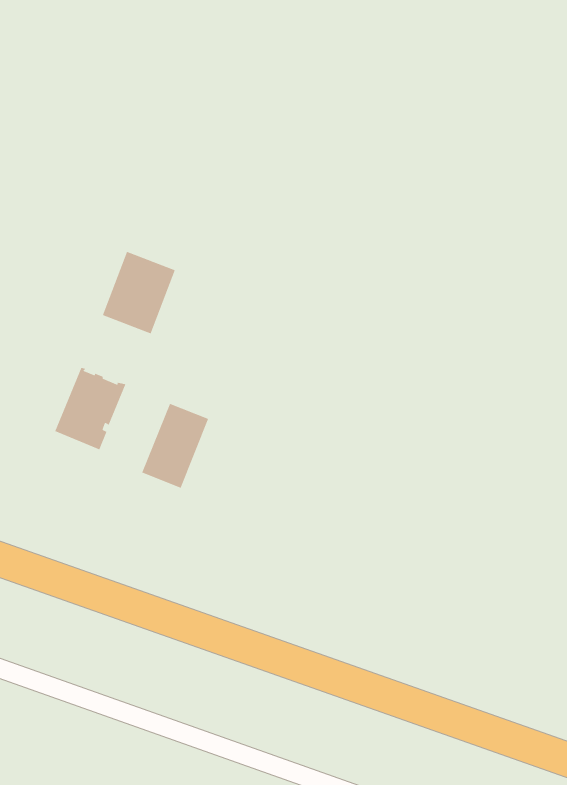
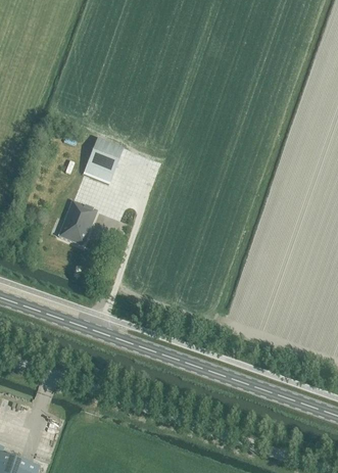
building: [141,403,209,489] -> none

